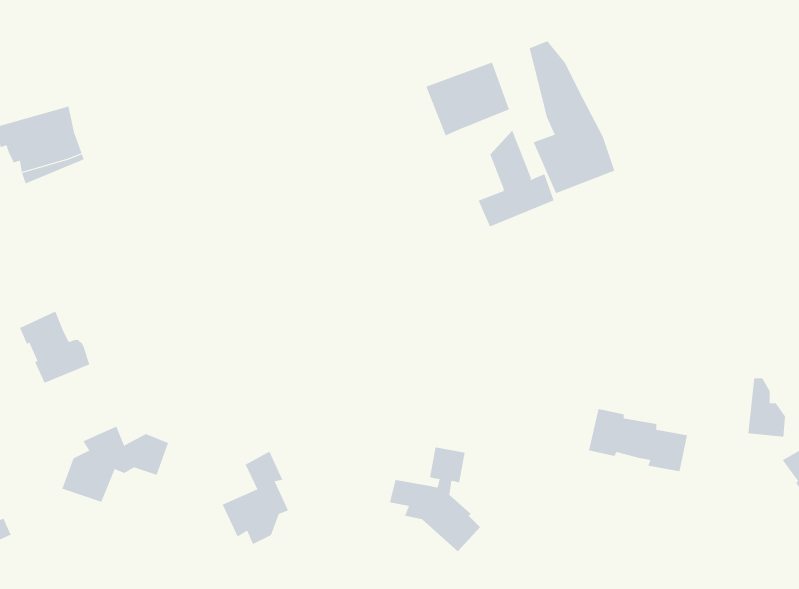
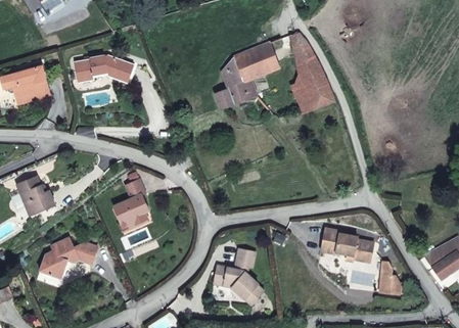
building: none -> [74,55,140,95]
building: [478,129,554,227] -> [215,56,256,108]
building: [748,378,786,437] -> [379,262,400,293]
building: [222,451,289,545] -> [112,178,148,228]

